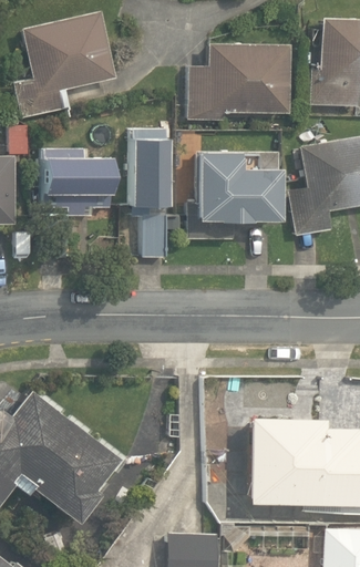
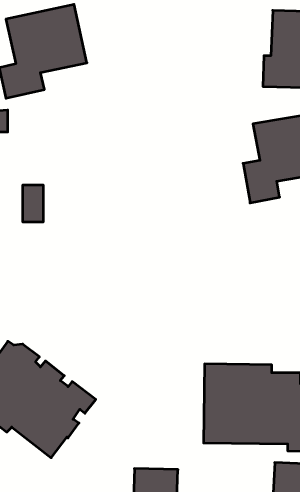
building: [191,44,288,118] -> none
building: [132,130,167,256] -> none
building: [43,148,111,215] -> none
building: [189,152,276,238] -> none

